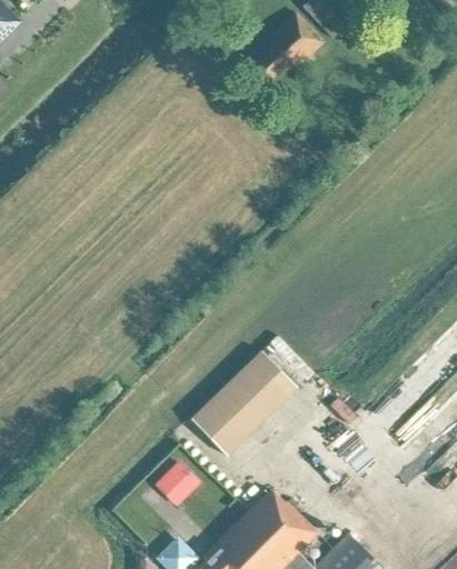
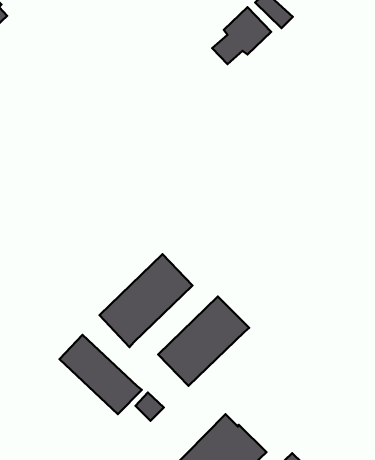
building: none -> [100,254,192,347]
building: none -> [60,335,142,414]

